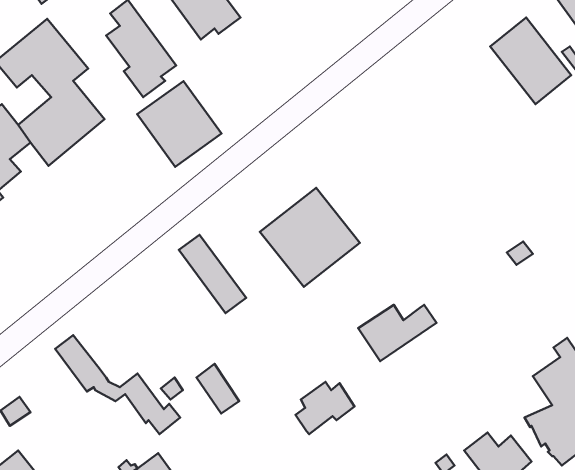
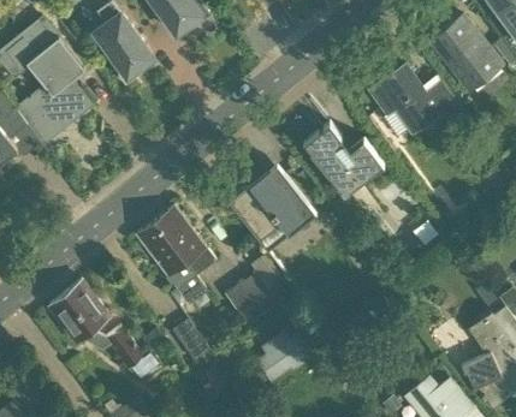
building: none -> [369,65,468,132]
building: [137,81,222,167] -> none
building: none -> [303,123,385,184]
building: none -> [136,219,198,291]
building: [358,305,436,361] -> [225,273,293,322]
building: none -> [65,280,109,330]

